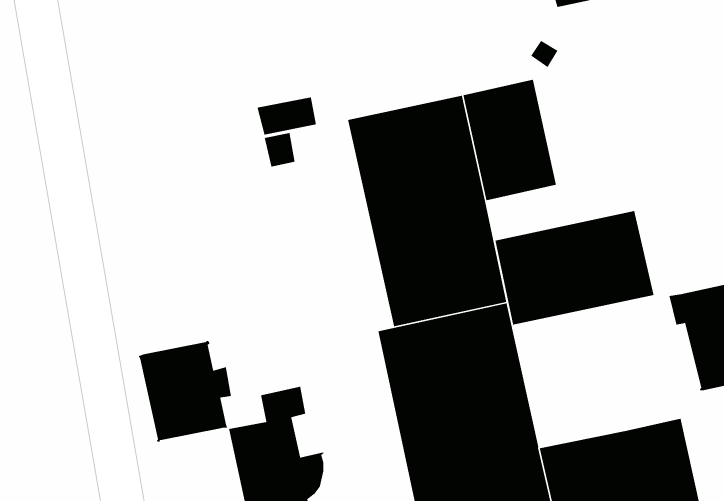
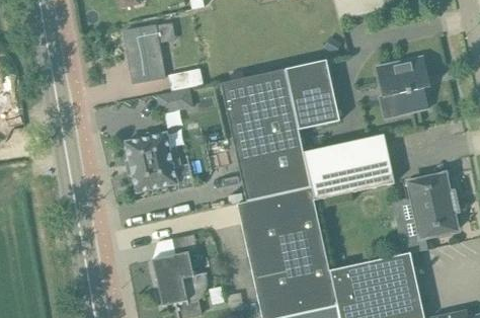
building: none -> [125,24,165,82]
building: none -> [376,56,430,114]
building: [138,340,232,443] -> [126,133,179,191]

